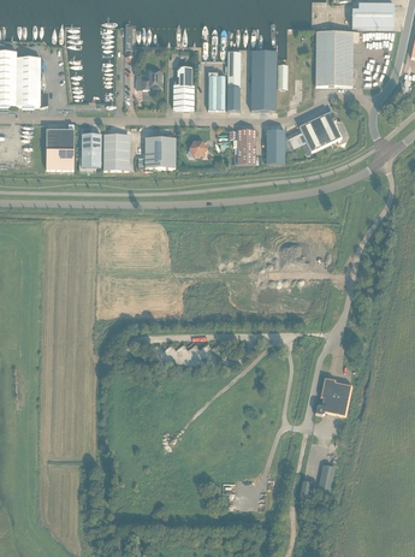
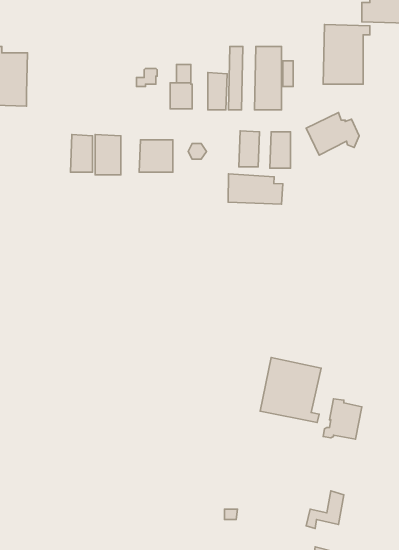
building: [45,129,73,170] -> none
building: none -> [228,174,283,204]
building: none -> [260,357,321,422]

